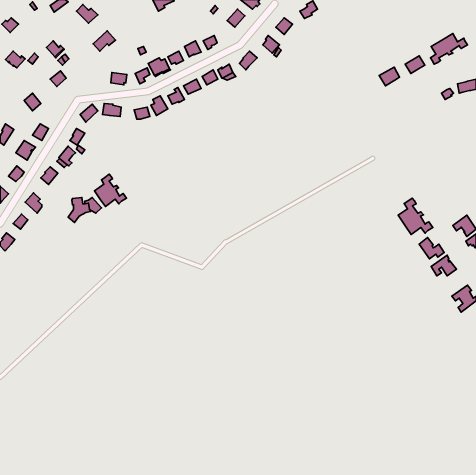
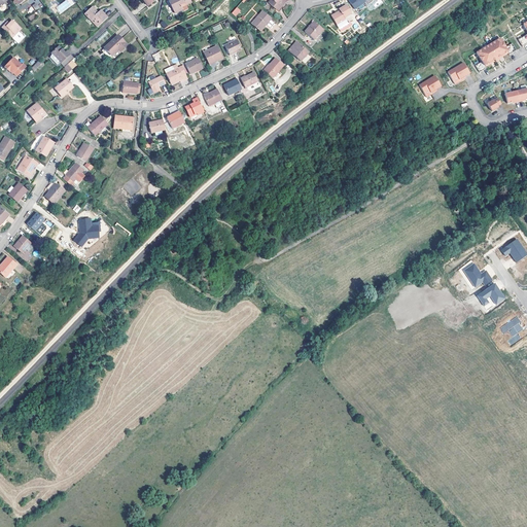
building: [95,174,127,207] -> none
building: [398,198,433,235] -> none

